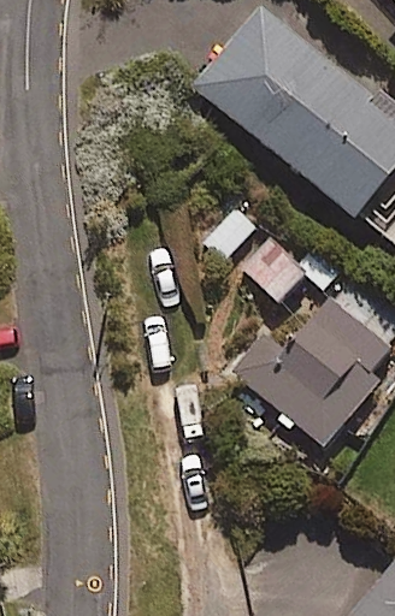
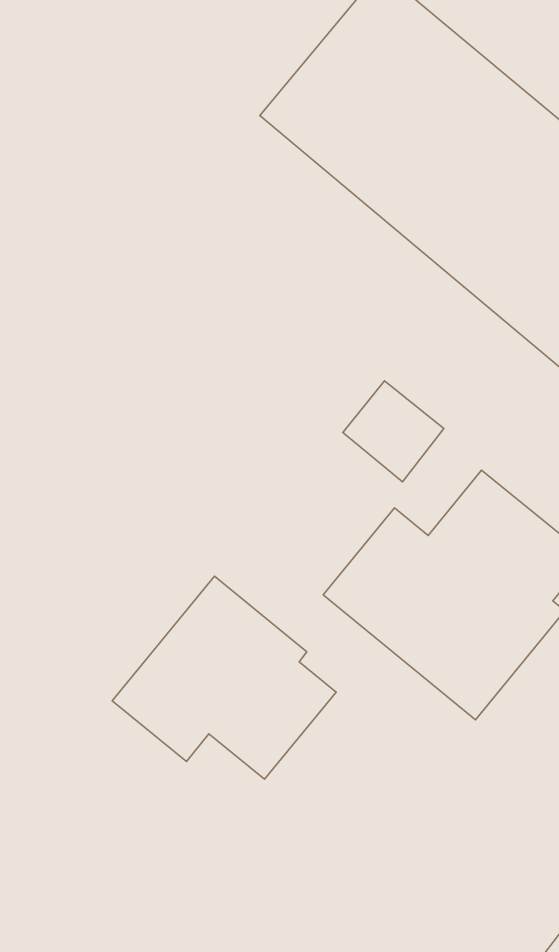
building: none -> [112,576,336,779]

